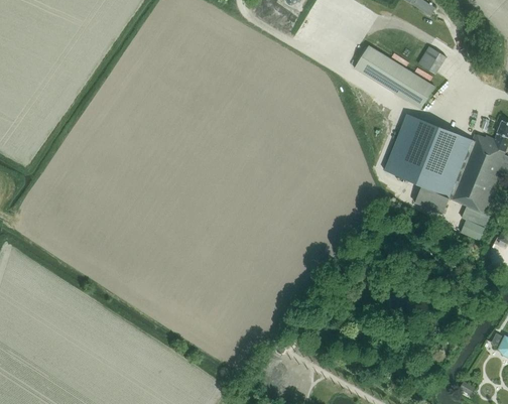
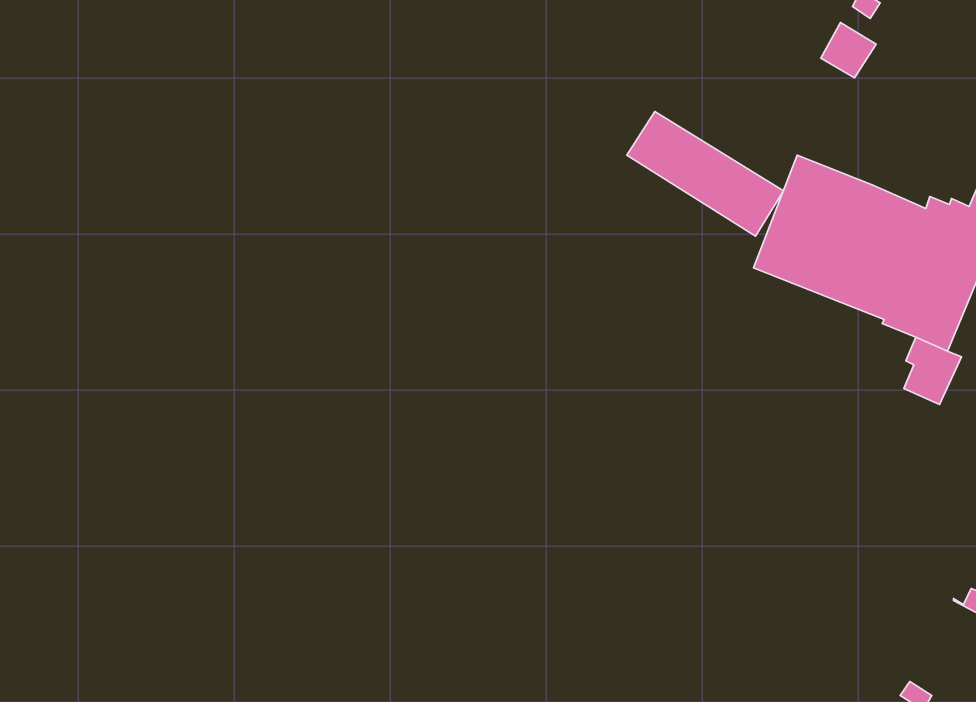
building: [355,46,434,110] -> [627,112,783,236]

